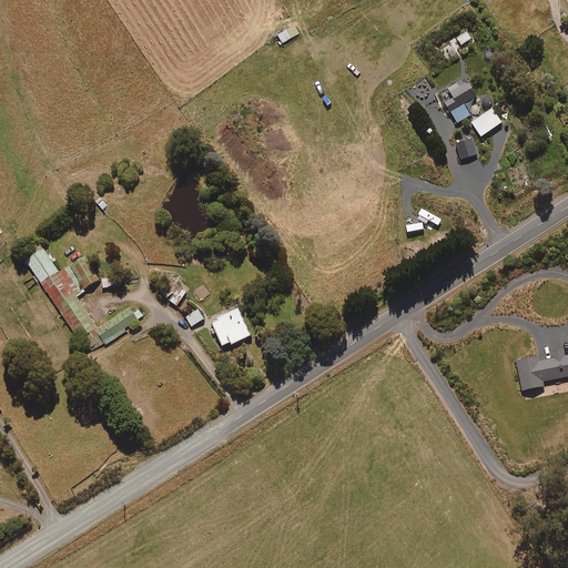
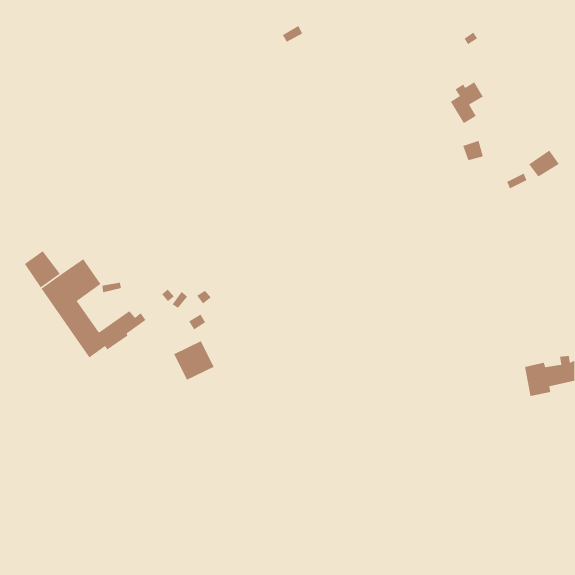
building: [470,108,501,135] -> [528,149,560,178]
building: [210,307,251,347] -> [173,340,215,381]

